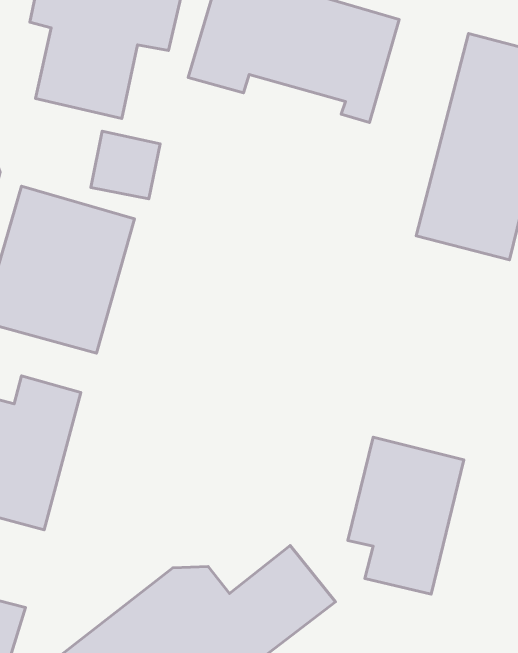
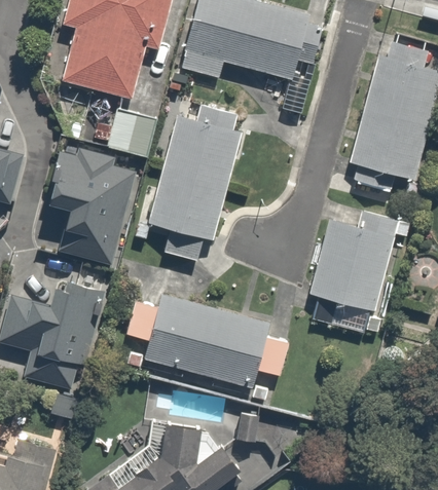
building: none -> [147,102,247,256]
building: none -> [124,291,285,389]
building: [348,437,464,594] -> [308,218,393,332]

